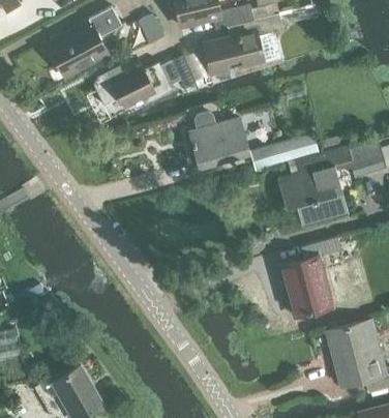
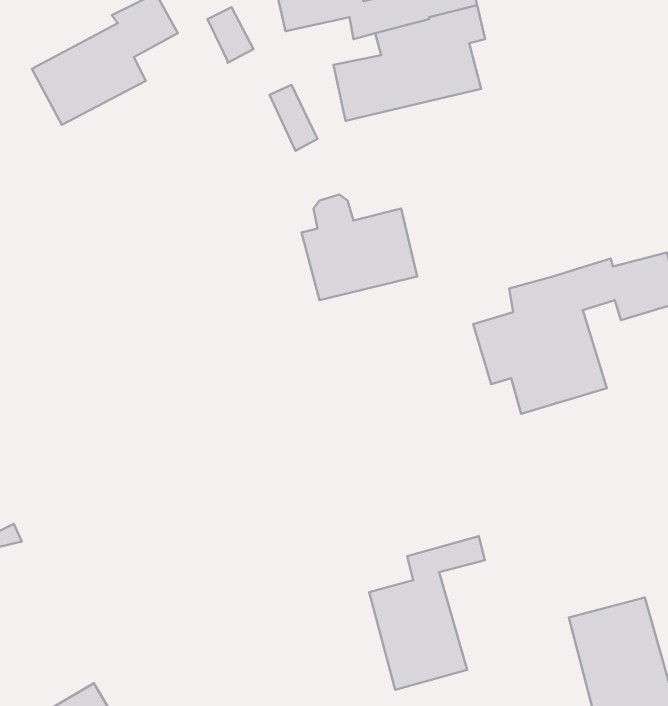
building: [93,57,173,107] -> none
building: [250,133,317,168] -> none
building: [281,237,341,317] -> [369,536,485,690]

